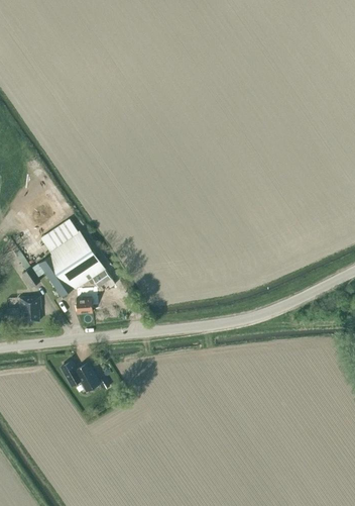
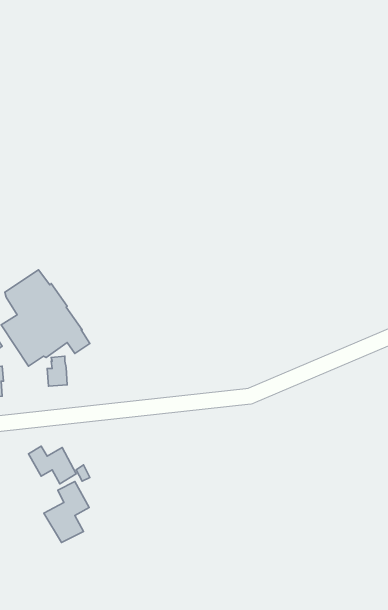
building: none -> [44,481,89,543]

